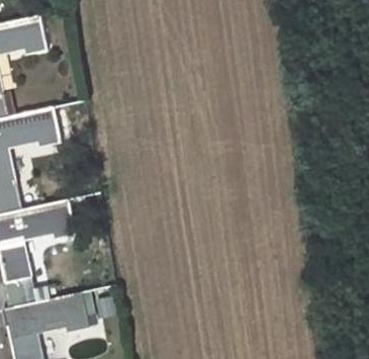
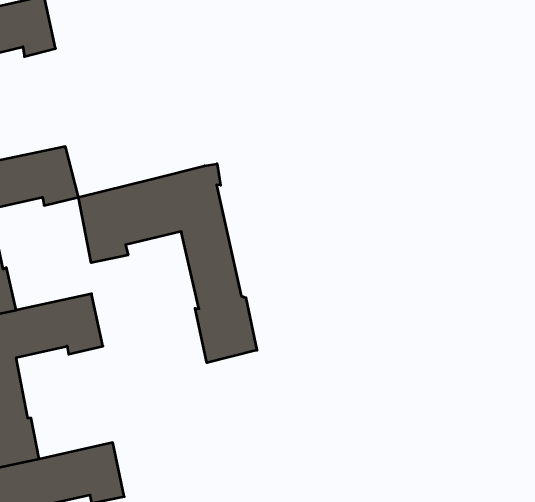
building: none -> [78,164,257,363]

